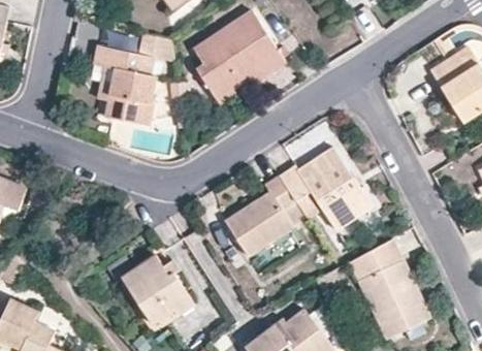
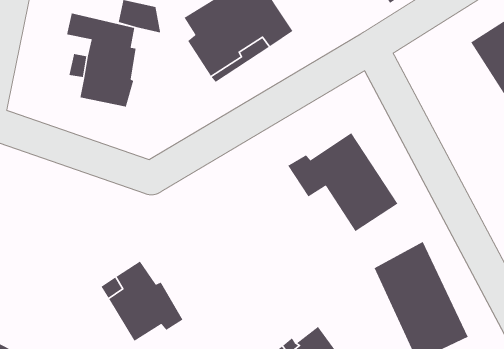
building: [224,173,296,253] -> none

